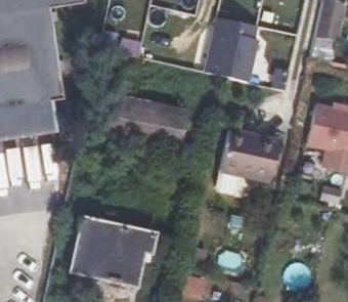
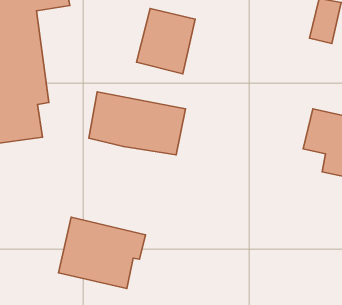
building: [207,17,264,81] -> [136,9,195,74]
building: [217,135,281,199] -> none

